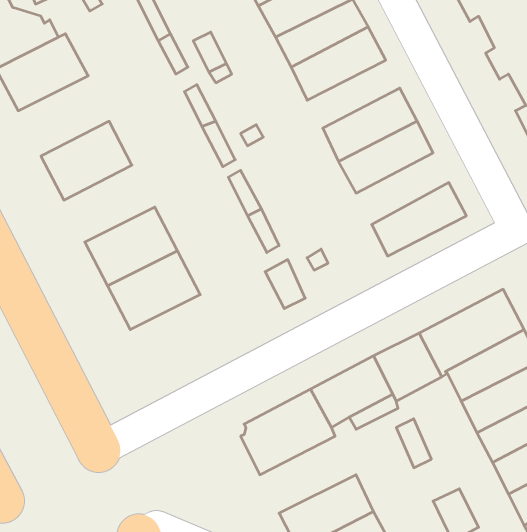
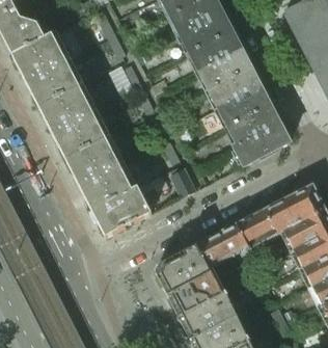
building: none -> [196,49,251,89]
building: none -> [25,58,79,106]
building: none -> [225,104,280,146]
building: none -> [52,111,106,157]
building: none -> [91,186,152,237]
building: none -> [168,272,225,318]

